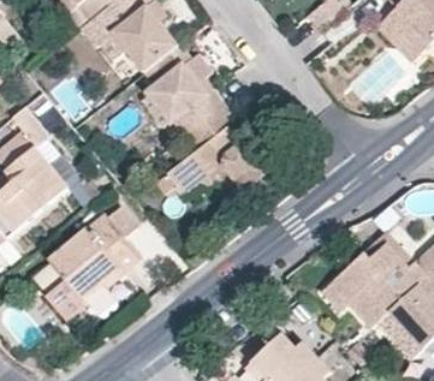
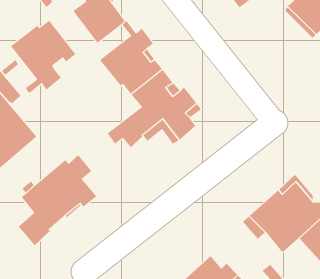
building: none -> [10,20,76,93]

